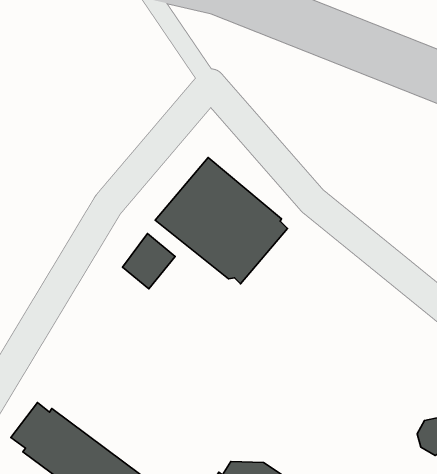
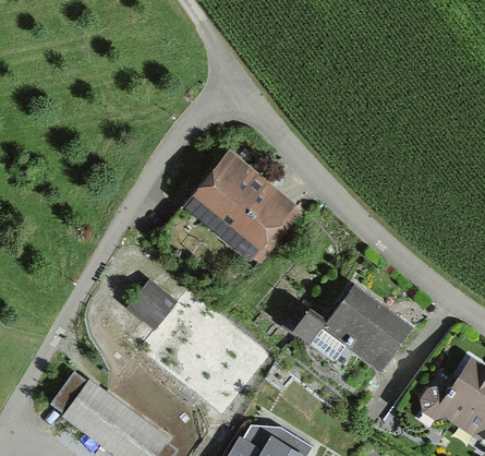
building: [122,234,175,289] -> [130,281,178,332]
building: none -> [287,280,413,369]

